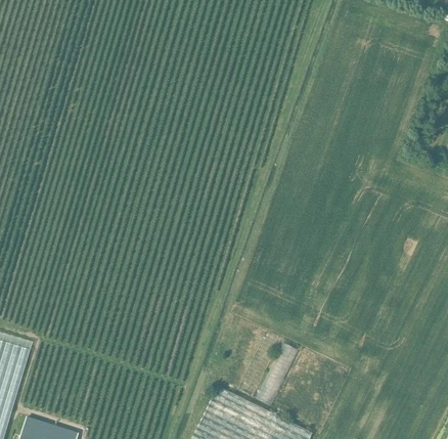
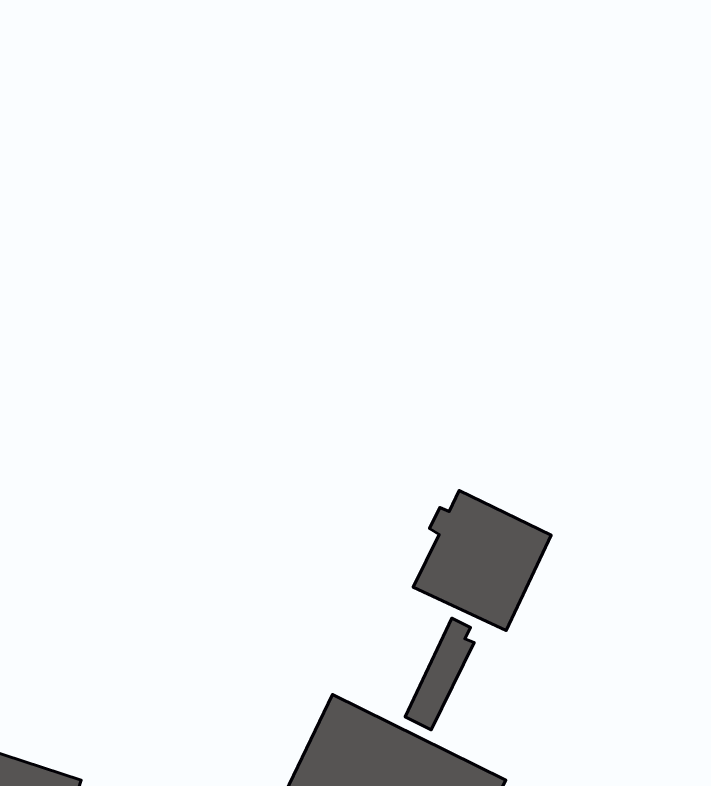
building: none -> [413,491,551,631]

